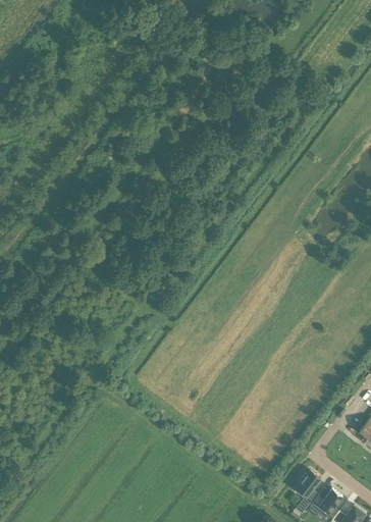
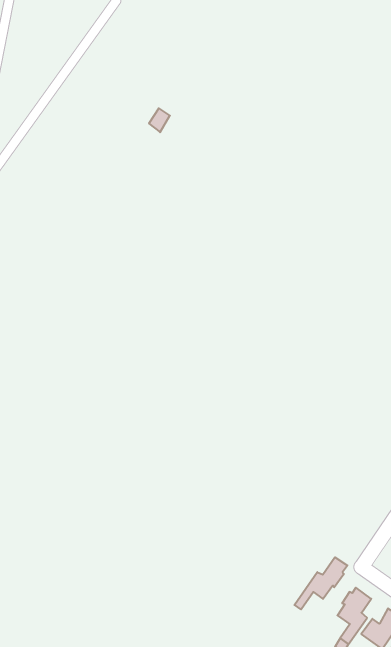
building: none -> [294,557,347,609]

